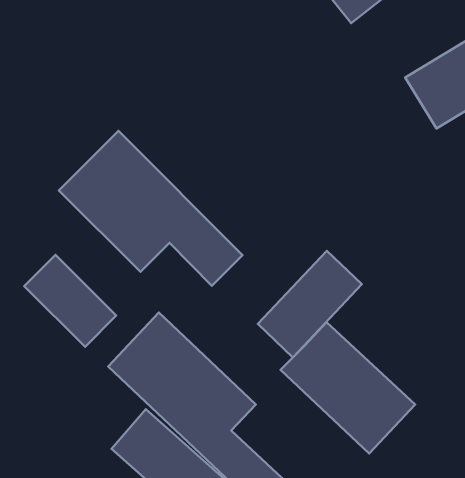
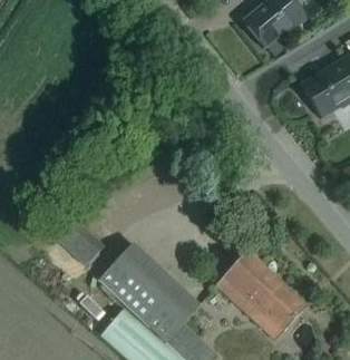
building: [59,131,243,286] -> none
building: [258,251,362,357] -> none

